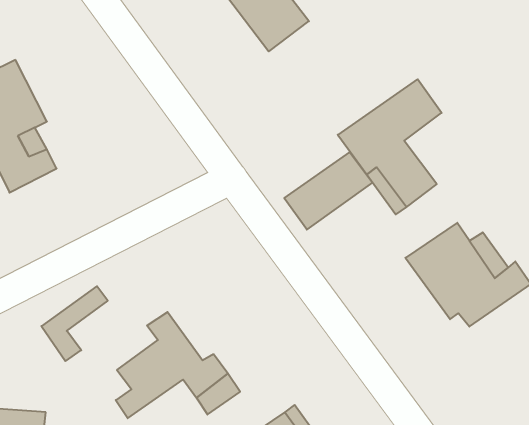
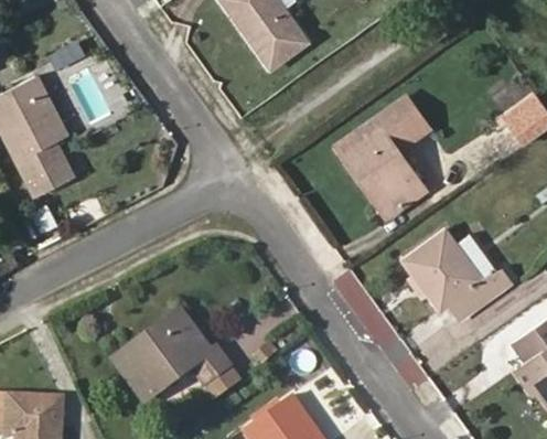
building: [284,152,373,230] -> none
building: [41,286,108,361] -> [109,320,170,388]

